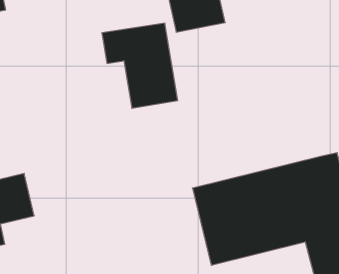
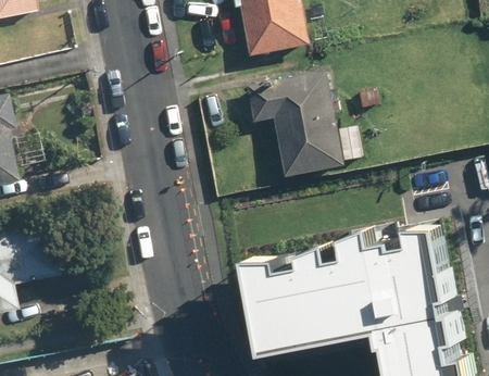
building: [102,23,178,108] -> [249,73,340,178]

